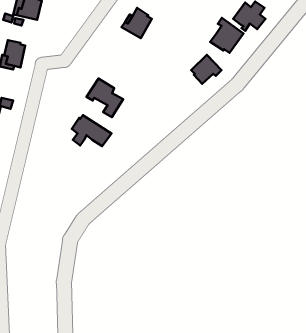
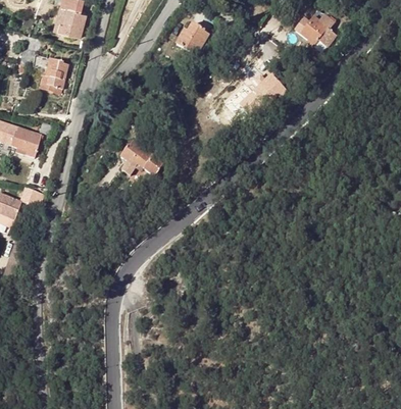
building: [210,18,243,53] -> none
building: [87,78,123,117] -> none

